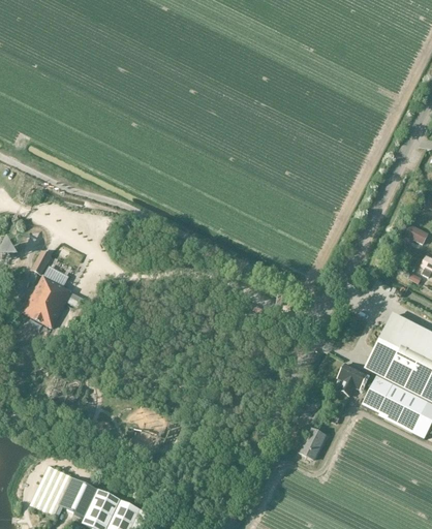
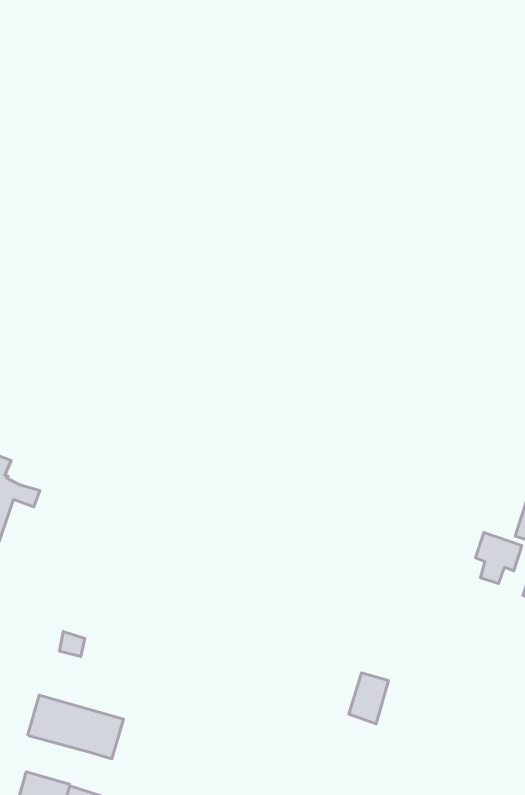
building: none -> [28,695,123,759]
building: [300,428,327,460] -> [349,673,388,724]

